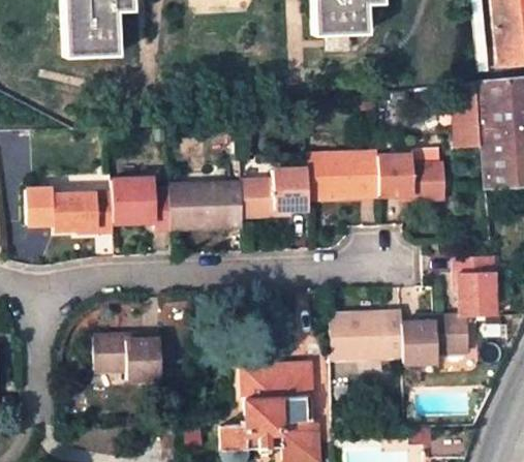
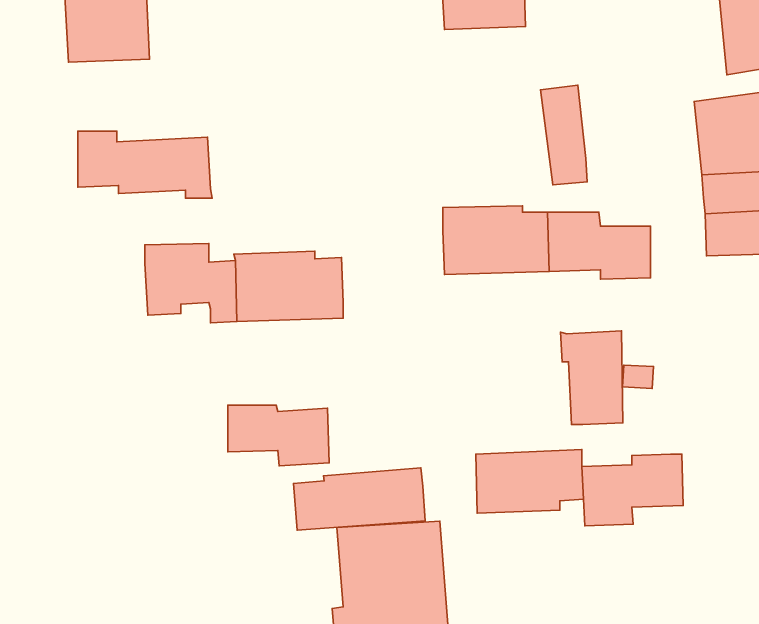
building: [453,83,484,149] -> [541,85,587,185]
building: [244,168,312,216] -> none
building: [28,186,117,230] -> [78,131,212,198]
building: [455,254,496,316] -> [561,331,623,424]
building: none -> [294,468,425,530]
building: [94,338,161,378] -> [228,405,329,466]

